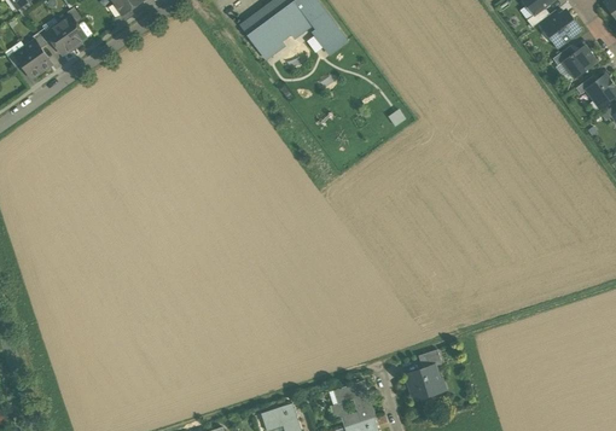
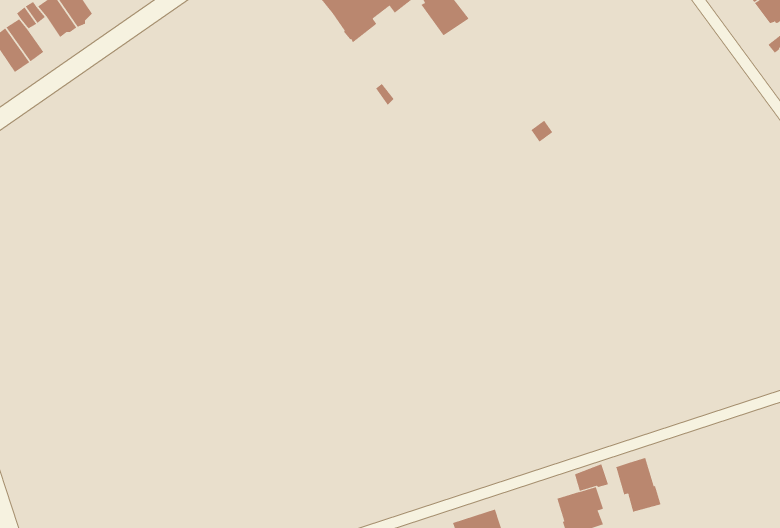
building: none -> [615,457,661,512]

